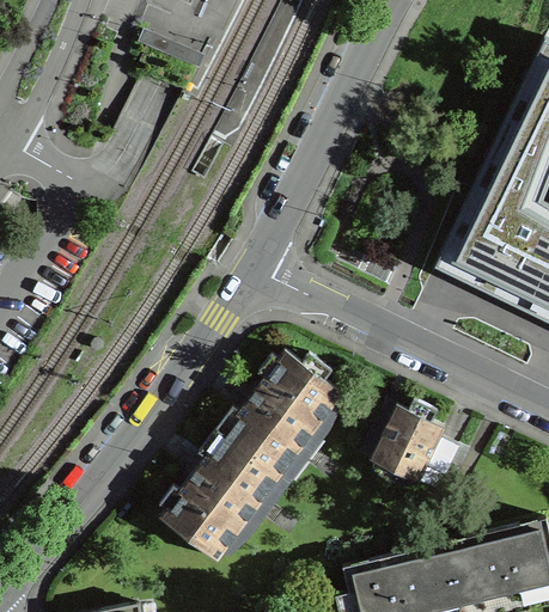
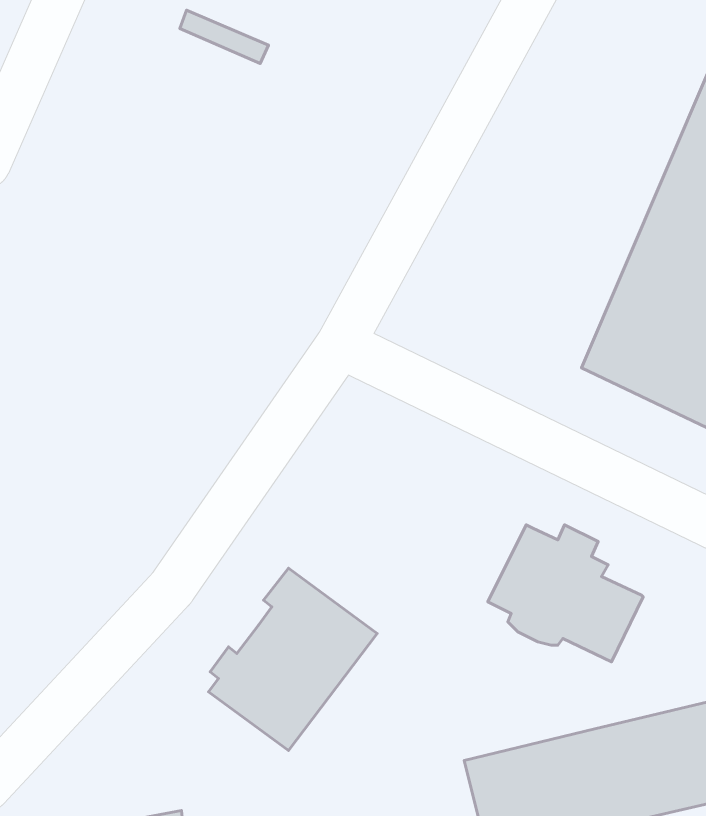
building: [225,350,350,477] -> none

